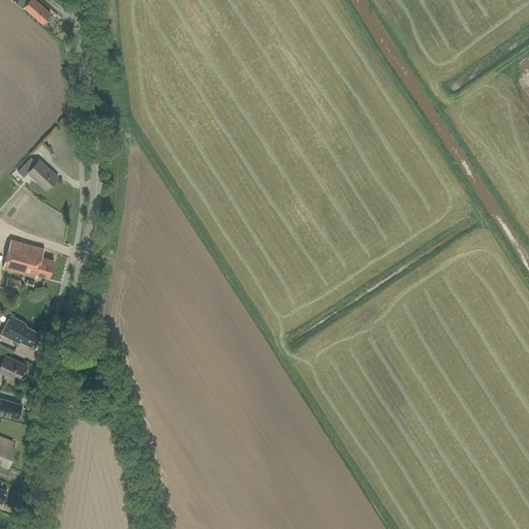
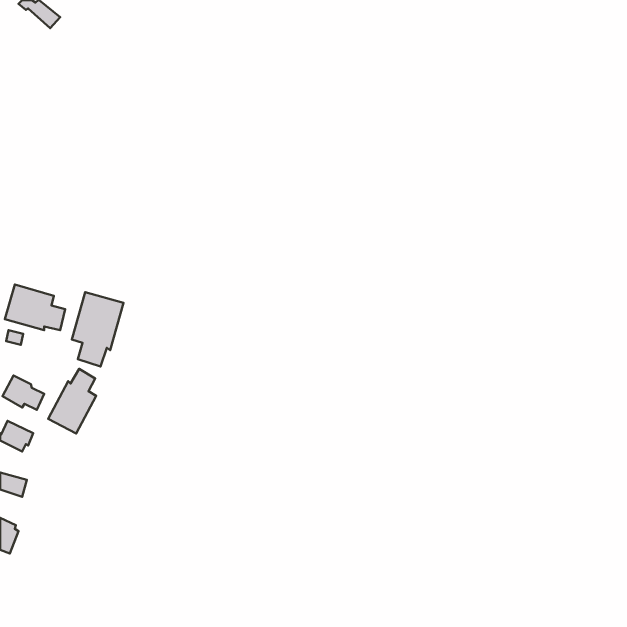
building: [18,158,57,190] -> none
building: none -> [72,292,124,367]
building: none -> [48,369,96,433]

